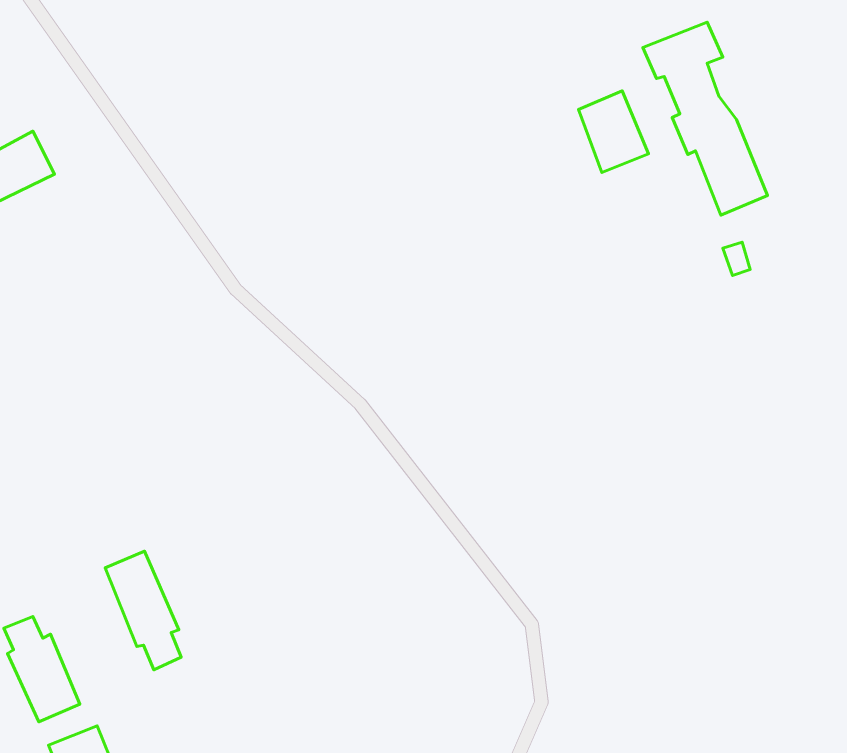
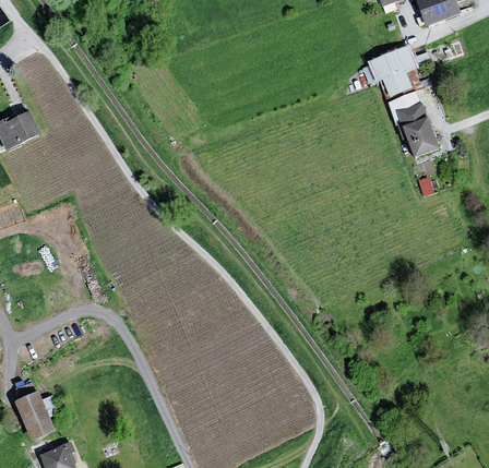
building: [578,91,648,173] -> none
building: [105,551,181,670] -> none

